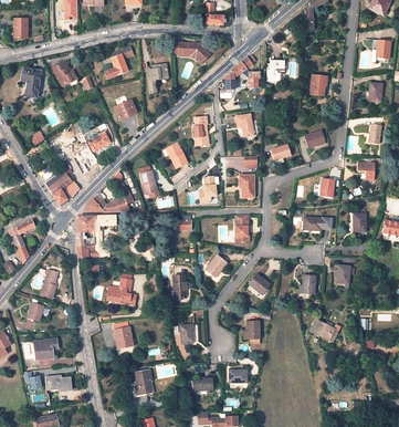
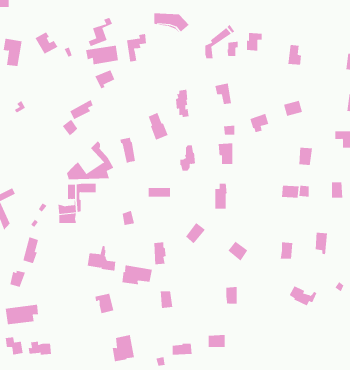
building: none -> [86,45,118,65]
building: [45,163,72,206] -> none
building: none -> [122,265,152,285]

